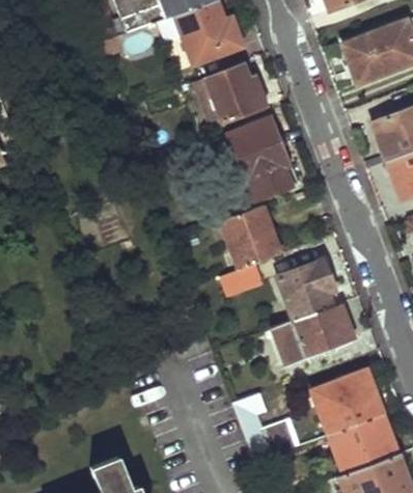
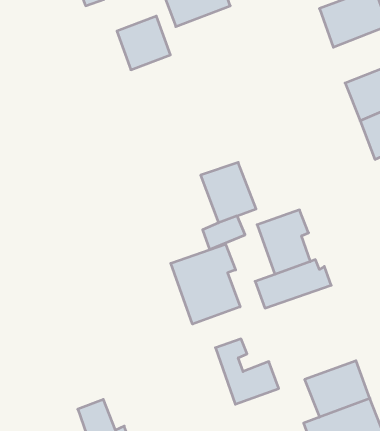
building: [208,63,264,119] -> [117,16,170,70]
building: [227,115,299,199] -> none
building: none -> [171,244,240,324]
building: [312,371,382,434] -> none

